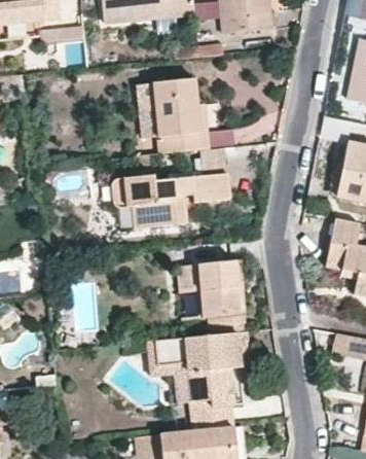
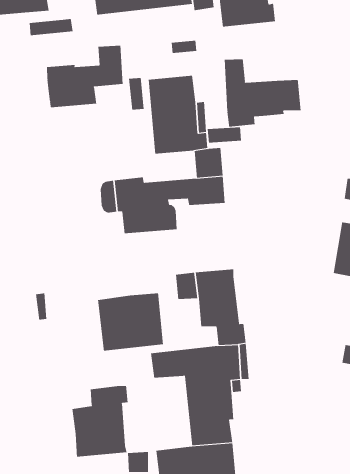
building: none -> [47,45,123,108]
building: none -> [224,59,301,127]
building: none -> [97,292,164,351]
building: none -> [72,385,128,458]

